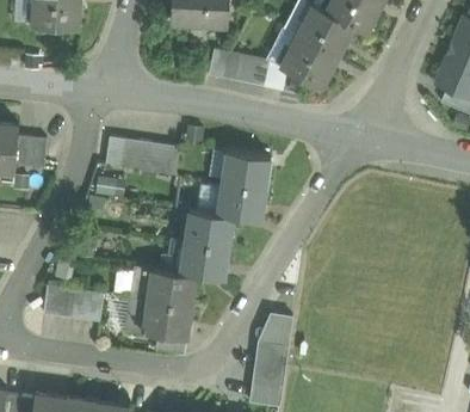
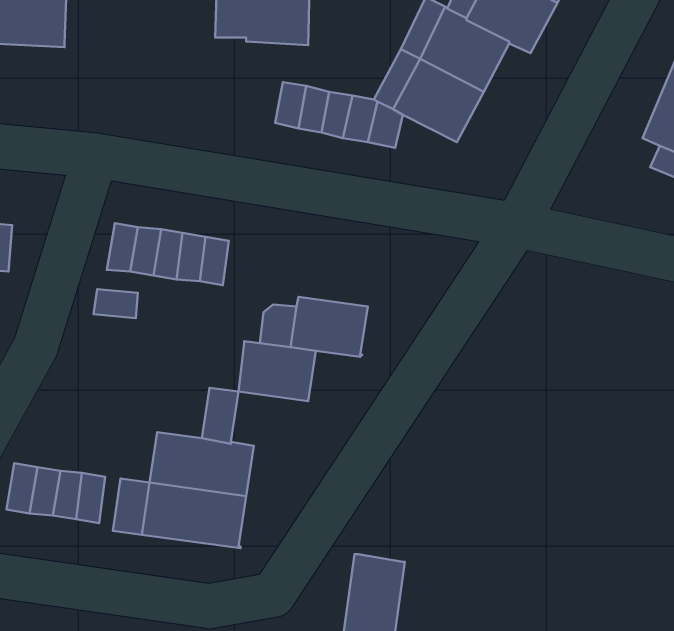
building: [223,152,271,190] -> none
building: [181,242,229,281] -> none
building: [260,313,292,348] -> none

